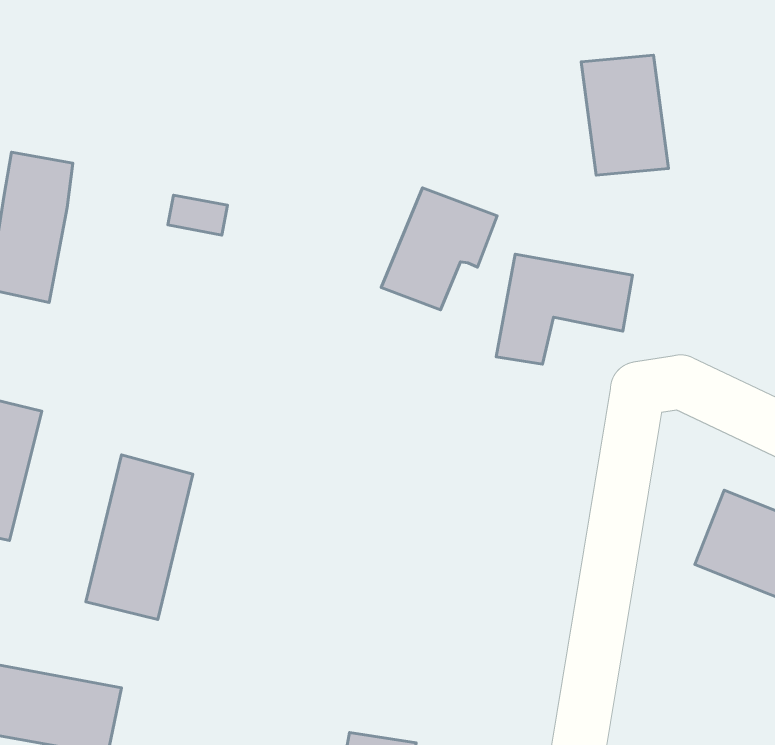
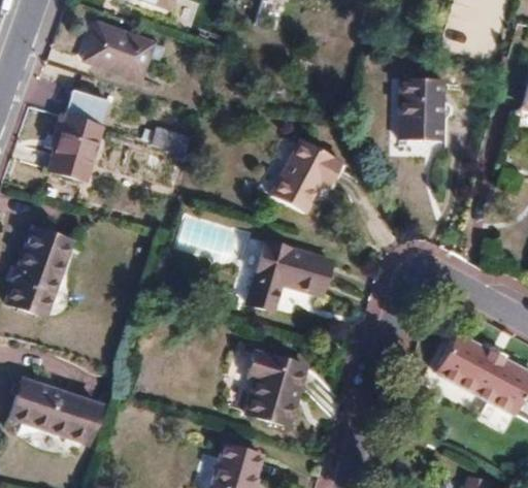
building: none -> [86,25,152,78]
building: [496,254,633,364] -> [248,247,330,311]
building: [86,455,193,620] -> none
building: none -> [246,354,306,426]

